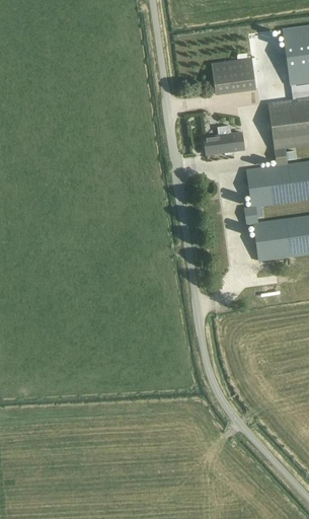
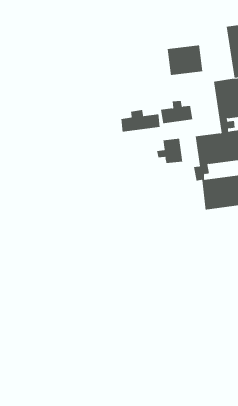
building: none -> [121,109,160,133]
building: none -> [156,138,183,164]

